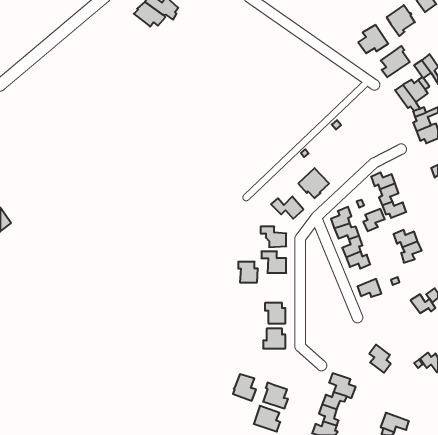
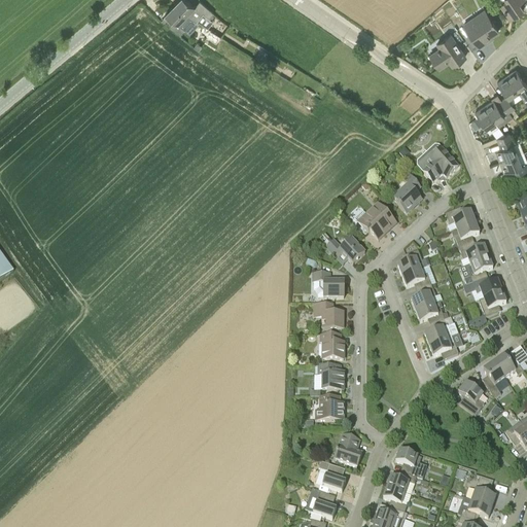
building: [381,46,410,77] -> none
building: none -> [423,146,458,180]
building: none -> [393,173,422,212]
building: [363,209,385,231] -> [467,254,493,281]
building: [238,262,258,282] -> [320,332,344,357]
building: none -> [424,315,453,344]
building: none -> [483,360,504,396]
building: [369,345,391,373] -> [458,380,484,414]
building: [233,374,256,401] -> [335,433,362,465]
building: none -> [471,473,495,505]

